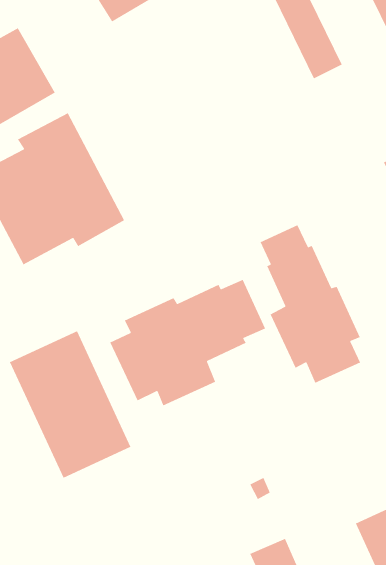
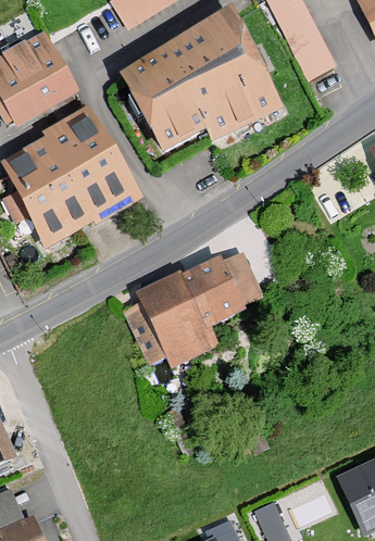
building: none -> [117,11,282,153]
building: [259,224,361,384] -> none
building: [9,330,132,479] -> none

